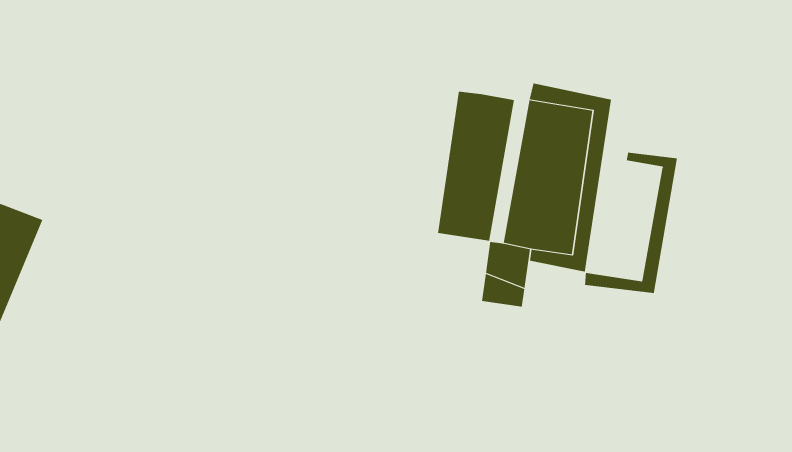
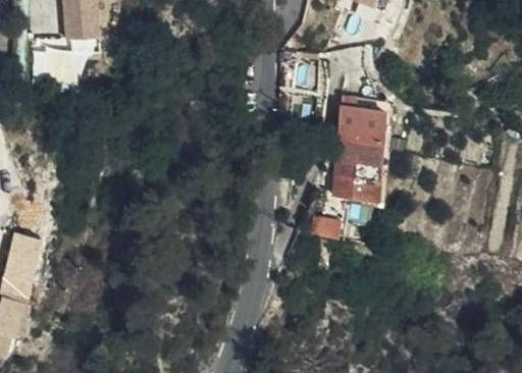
building: [438,91,514,241] -> none
building: [584,152,677,294] -> none

